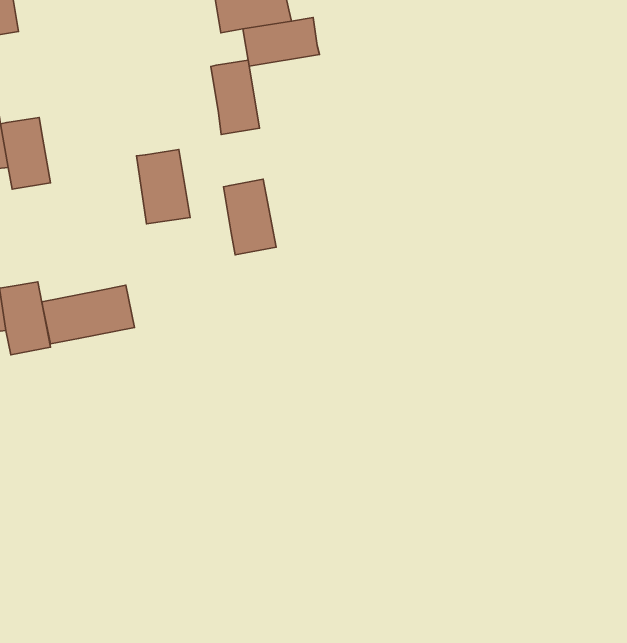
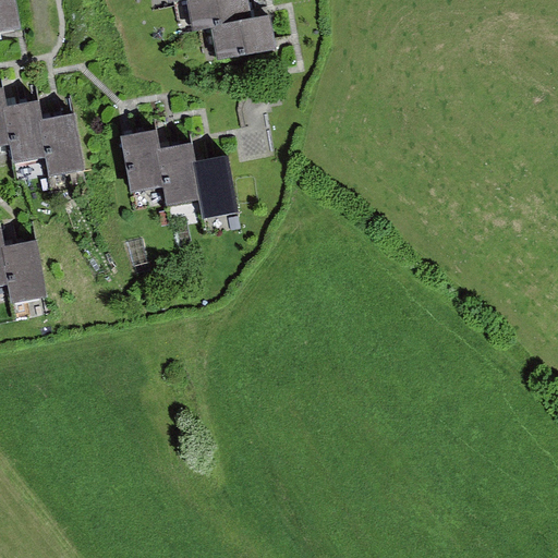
building: [211,60,260,134] -> [159,142,201,205]
building: none -> [40,113,83,175]
building: [42,285,135,344] -> none

